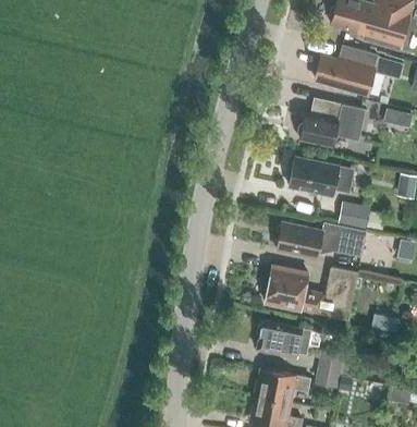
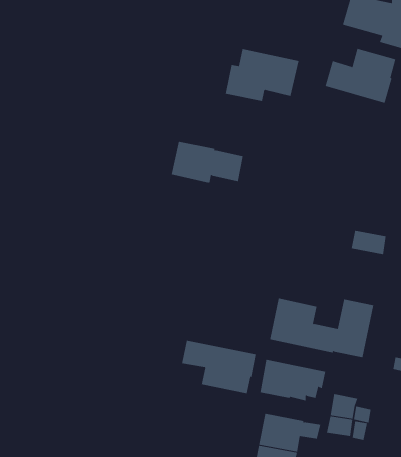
building: [299,99,366,146] -> [225,49,300,101]
building: [290,157,354,194] -> [171,141,243,183]
building: [277,221,367,257] -> none
building: none -> [182,340,257,394]

